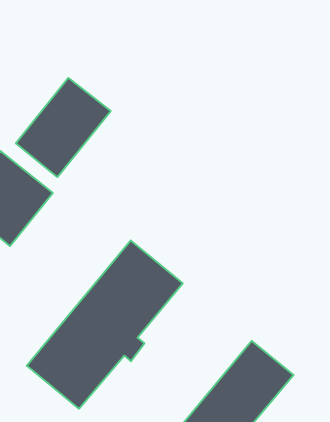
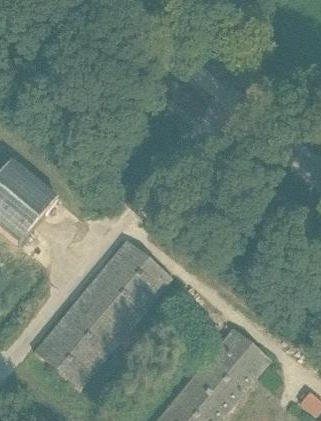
building: [16,78,111,177] -> none

